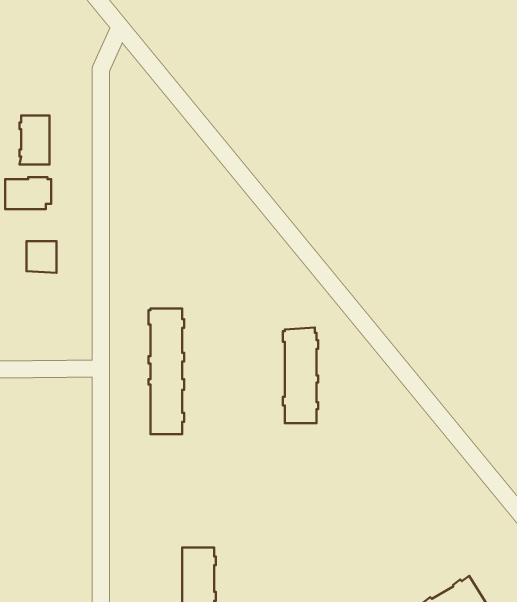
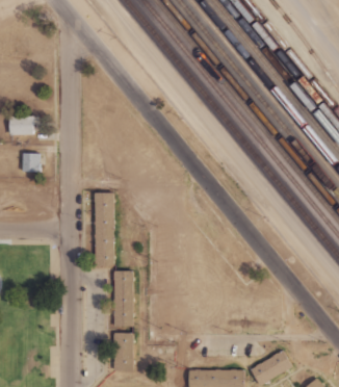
building: [20,116,50,164] -> none
building: [283,328,318,423] -> [113,269,134,326]

